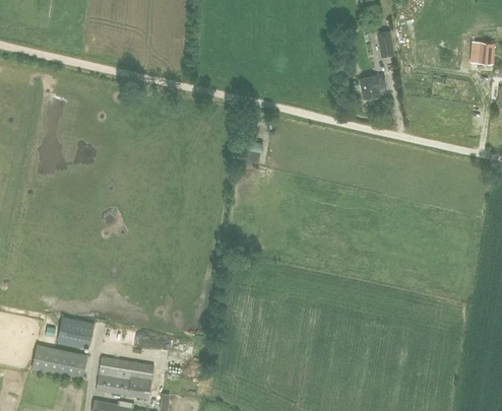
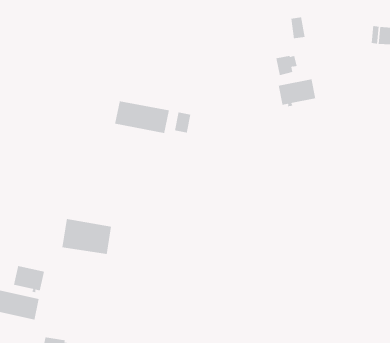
building: none -> [278,78,316,107]
building: none -> [115,100,169,134]
building: [96,356,153,398] -> [62,218,112,255]

